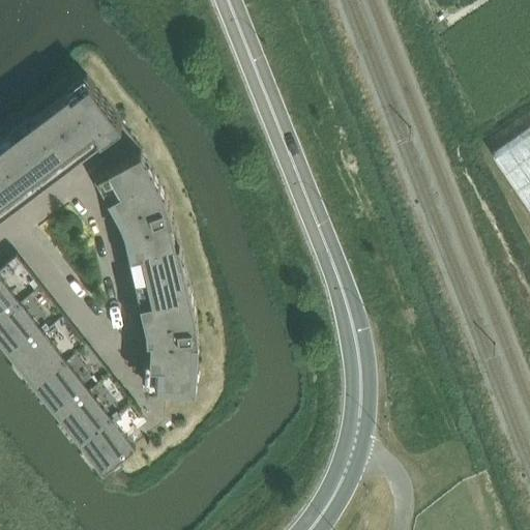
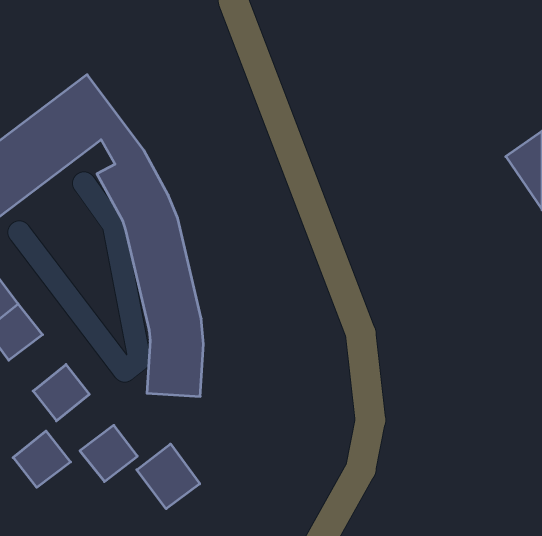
building: [8,333,64,388] -> none
building: [55,391,111,446] -> [13,431,71,487]
building: none -> [137,444,200,509]

